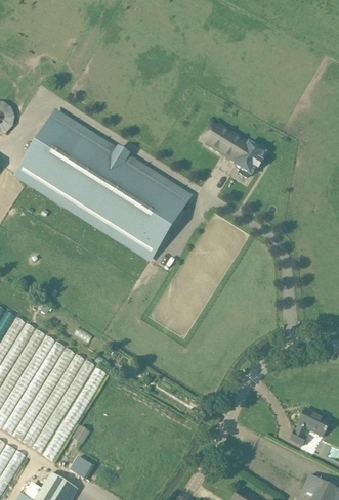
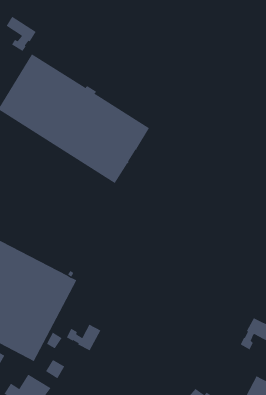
building: none -> [6,16,36,52]
building: [205,124,265,177] -> none
building: none -> [66,324,101,351]

